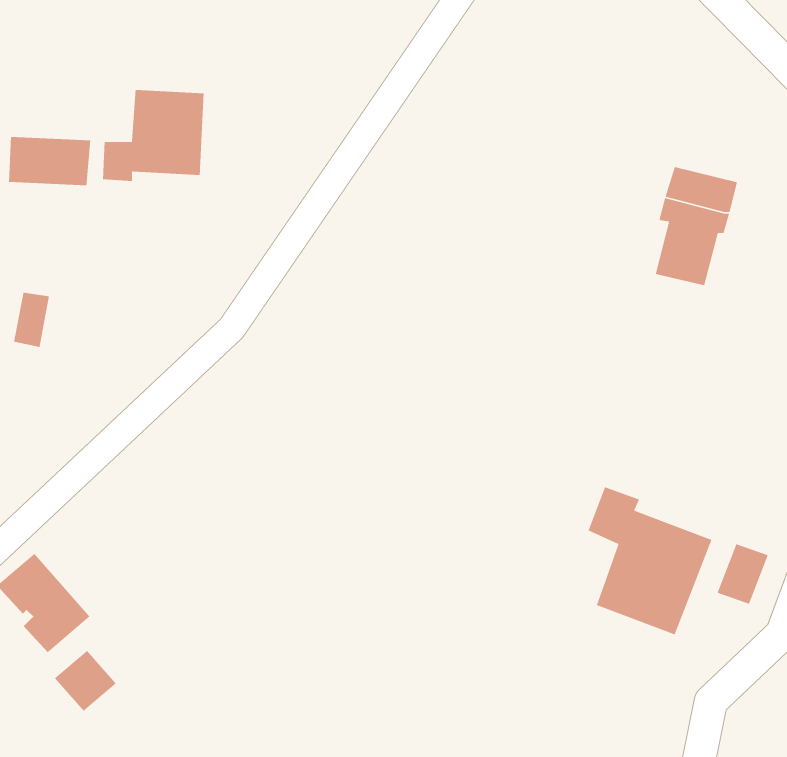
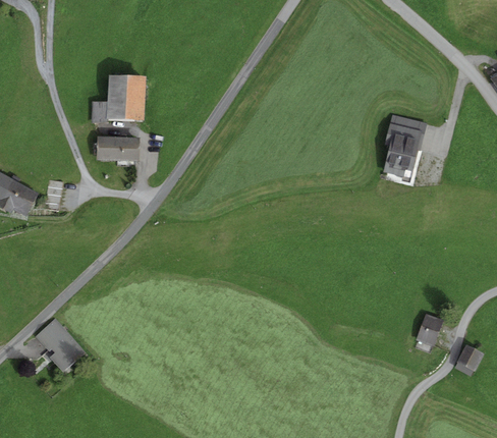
building: [8,136,91,186] -> [96,135,140,162]
building: [587,486,713,636] -> none
building: [54,650,117,712] -> none

